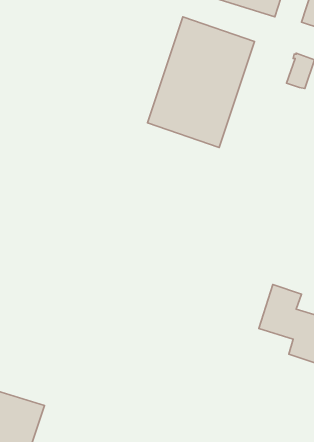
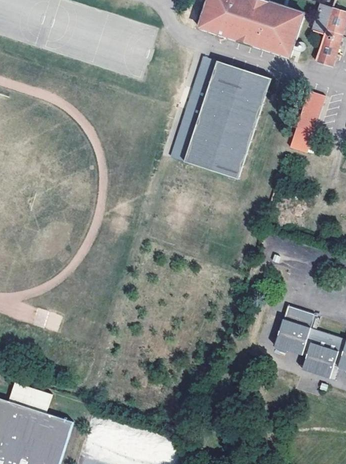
building: none -> [290,118,317,152]

